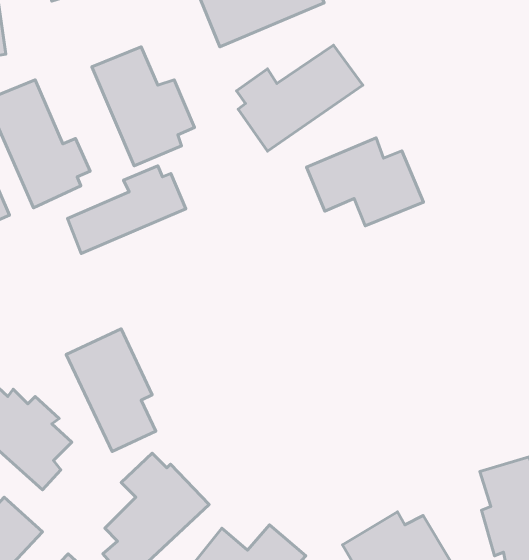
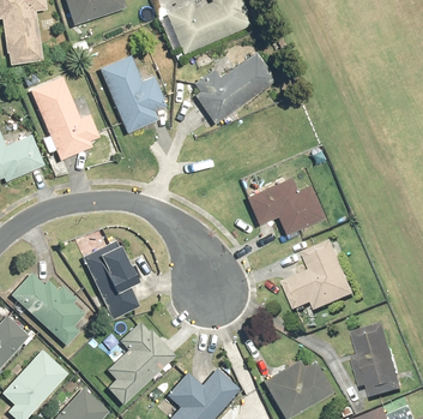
building: [307,138,424,226] -> [247,176,324,234]
building: [68,166,186,253] -> none
building: none -> [284,240,357,311]

